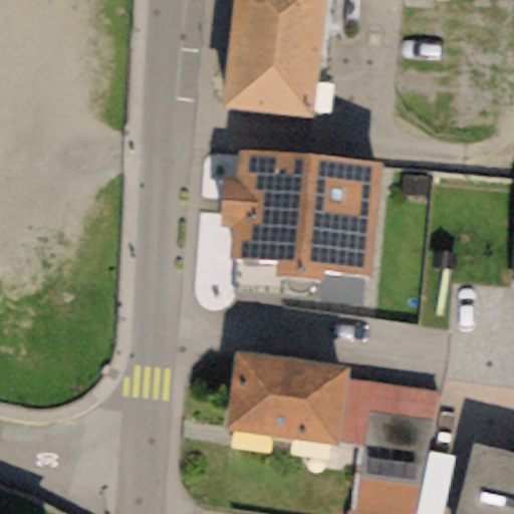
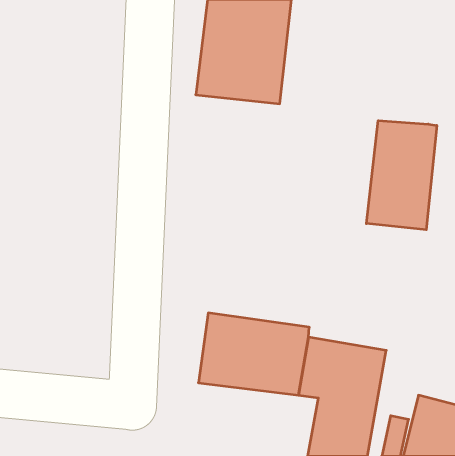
building: none -> [366,121,437,230]
building: [220,149,380,280] -> none

